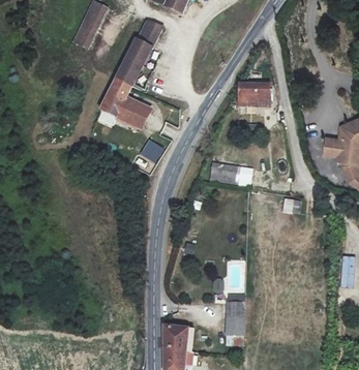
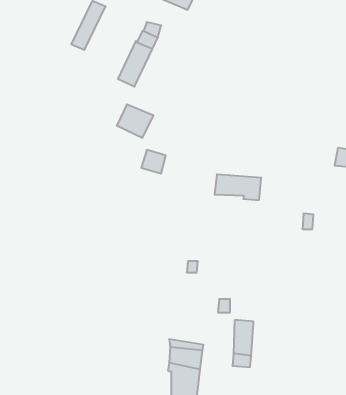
building: [100,74,133,118] -> none
building: [238,87,270,112] -> none

